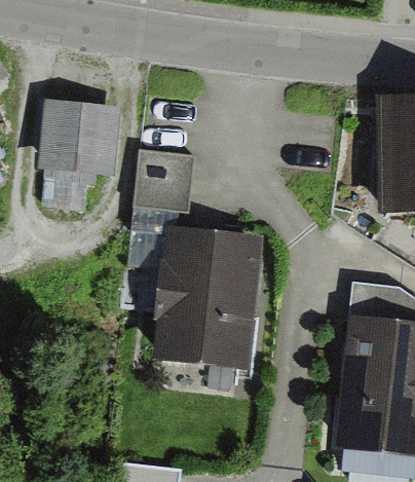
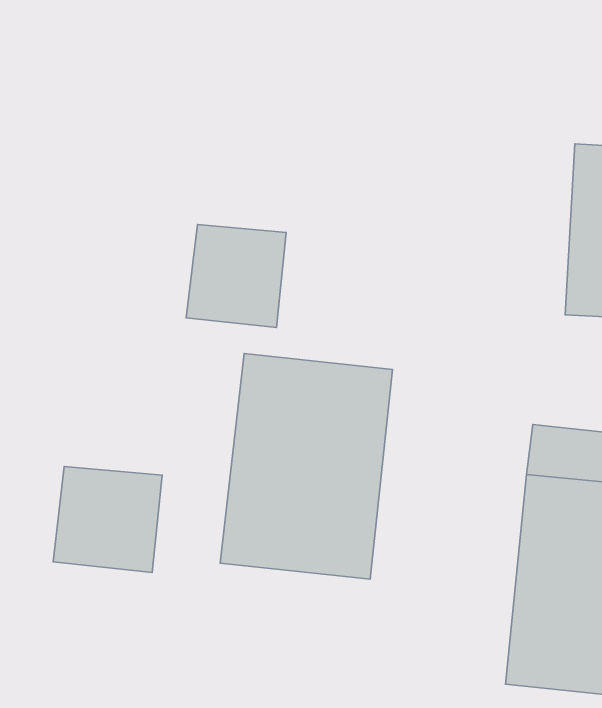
building: [38,101,122,181] -> none
building: none -> [53,467,162,573]

